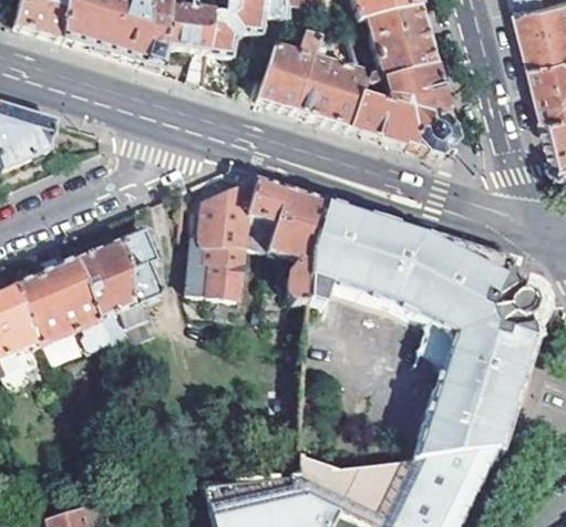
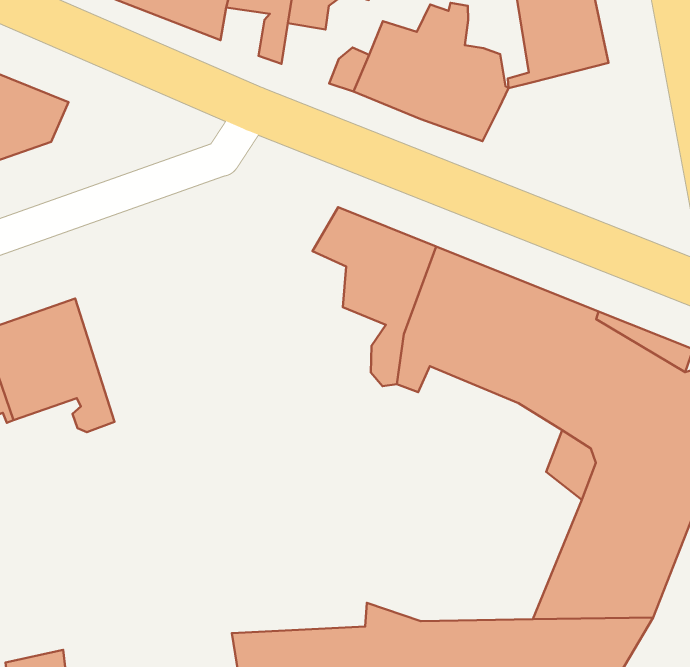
building: [352,63,457,156] -> none
building: [188,174,264,298] -> none
building: [75,227,164,343] -> none

